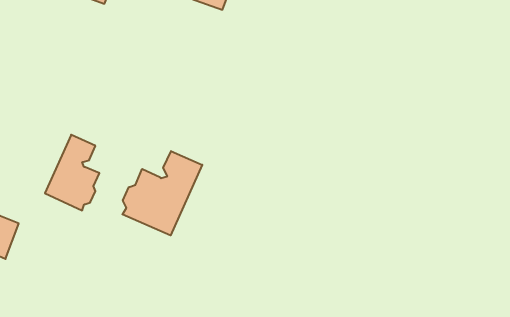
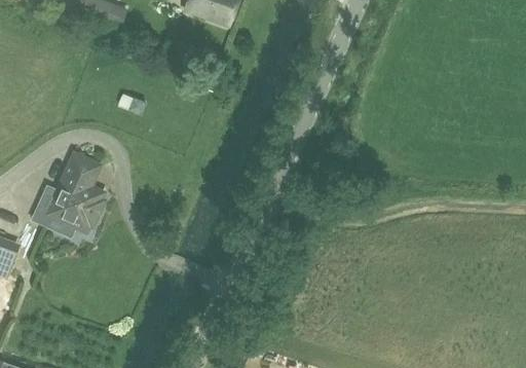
building: [122,151,202,235] -> none

